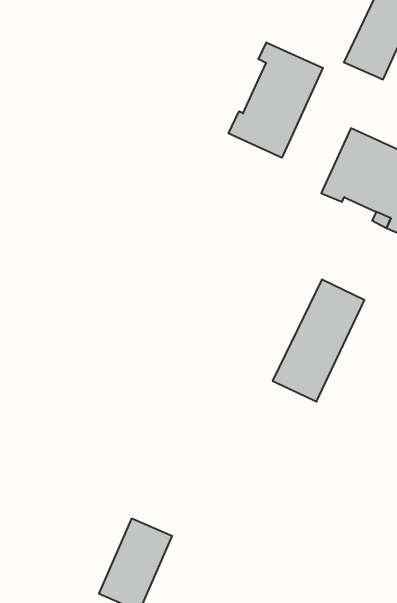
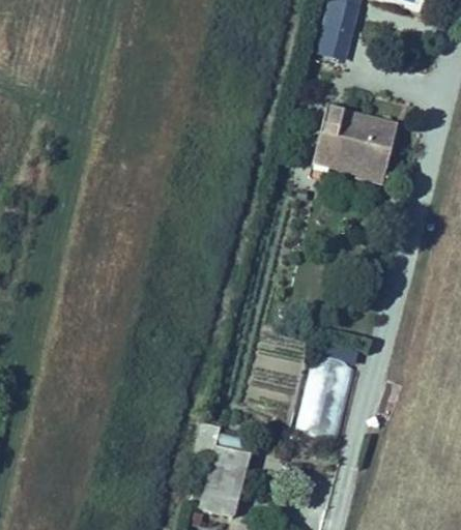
building: [229,42,323,158] -> none
building: [273,280,364,402] -> [295,338,356,435]

